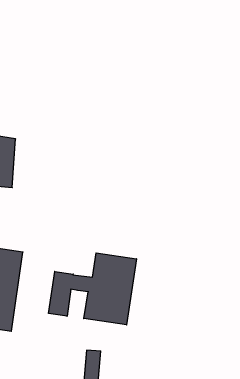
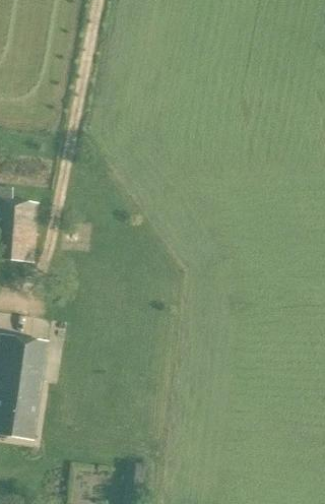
building: [49,253,136,325] -> none

